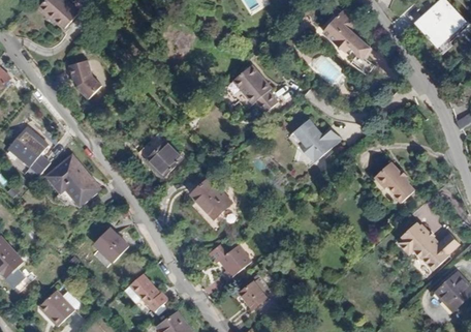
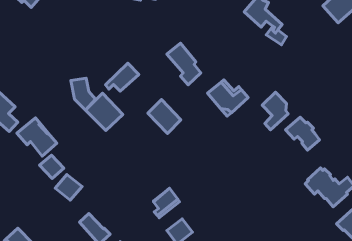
building: [74,56,104,95] -> [71,78,96,110]
building: none -> [106,63,139,91]
building: none -> [262,92,288,130]
building: [188,177,228,218] -> [148,100,181,133]
building: none -> [40,155,64,178]

